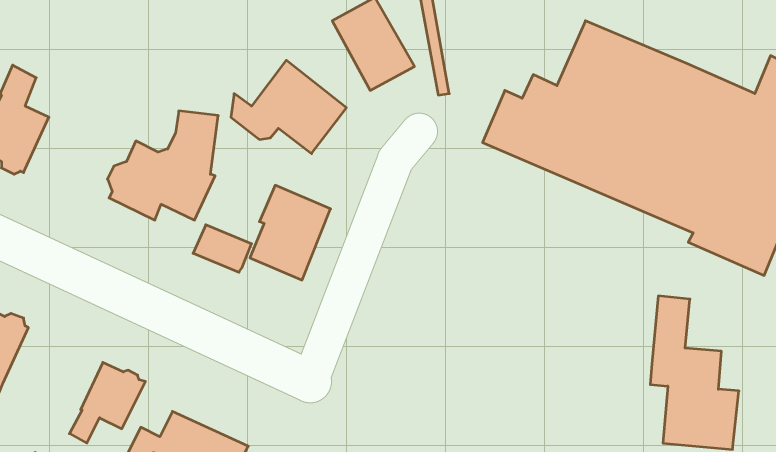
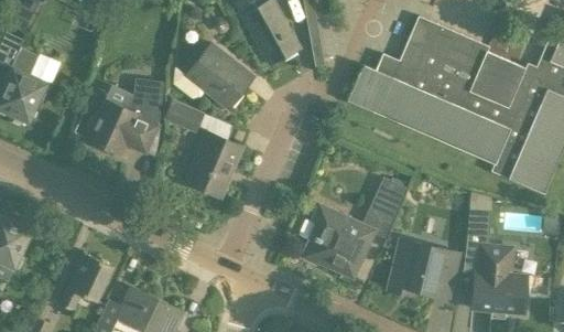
building: [193,225,252,272] -> [163,99,204,132]
building: none -> [301,176,409,278]
building: none -> [387,239,459,298]

